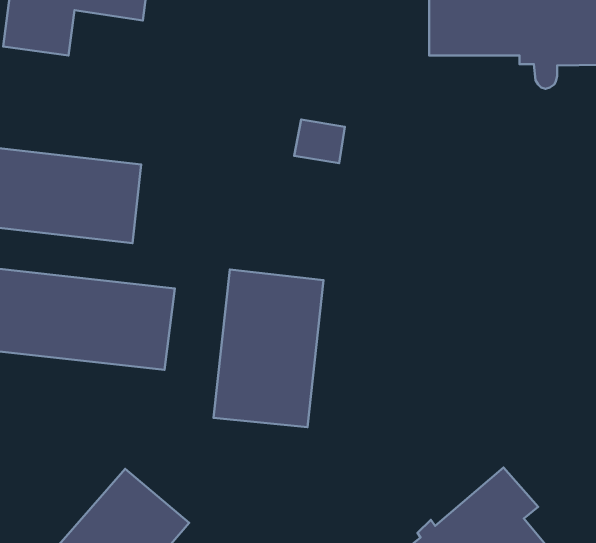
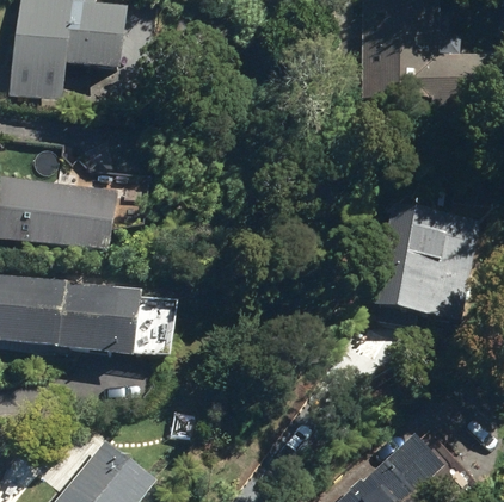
building: none -> [376,204,480,320]
building: [213,269,324,427] -> none

